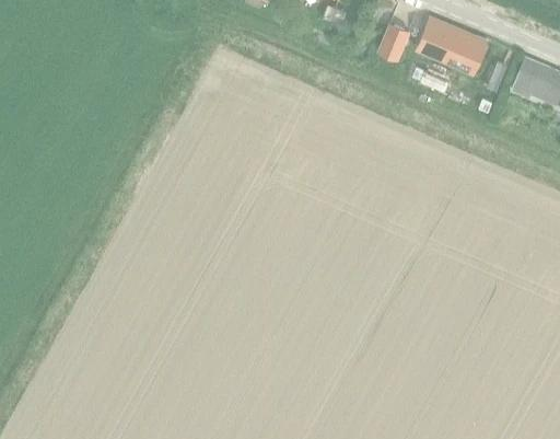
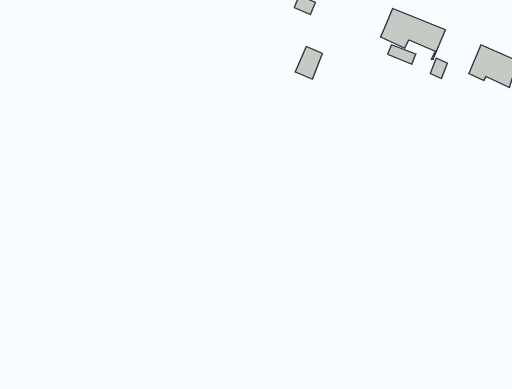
building: [380,25,409,60] -> [295,47,322,79]

